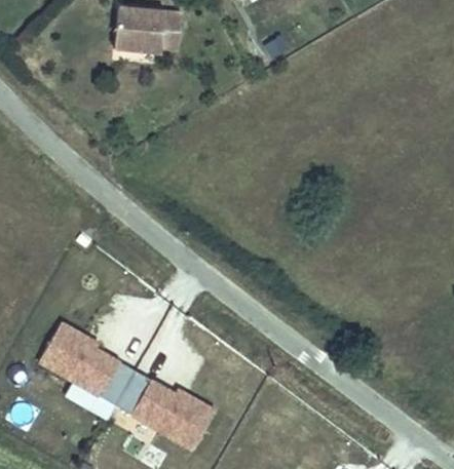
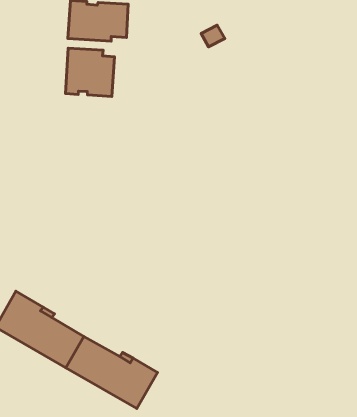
building: none -> [65,48,115,97]

